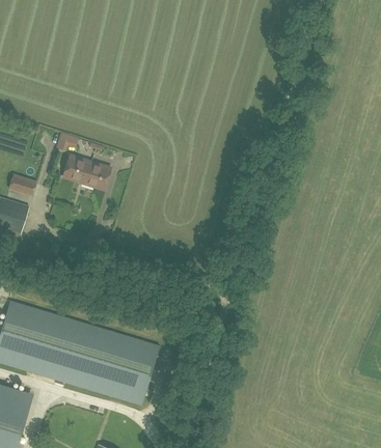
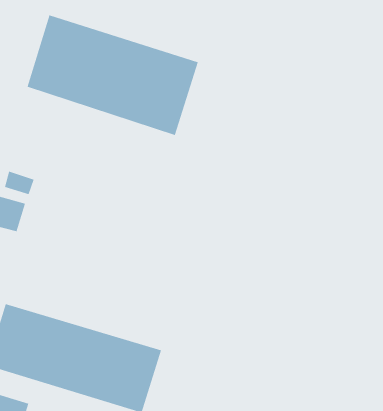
building: none -> [27,14,198,136]
building: [62,153,113,192] -> none

